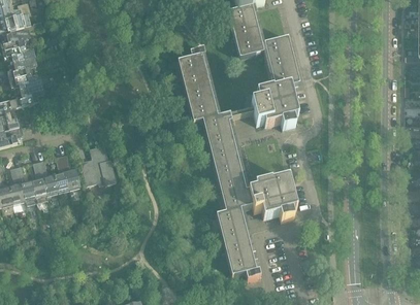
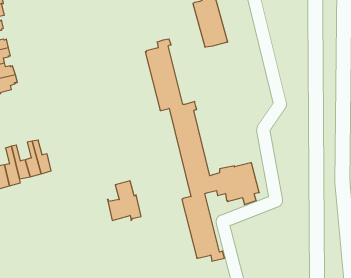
building: [251,34,299,126] -> none
building: [80,141,116,182] -> [107,181,141,220]

